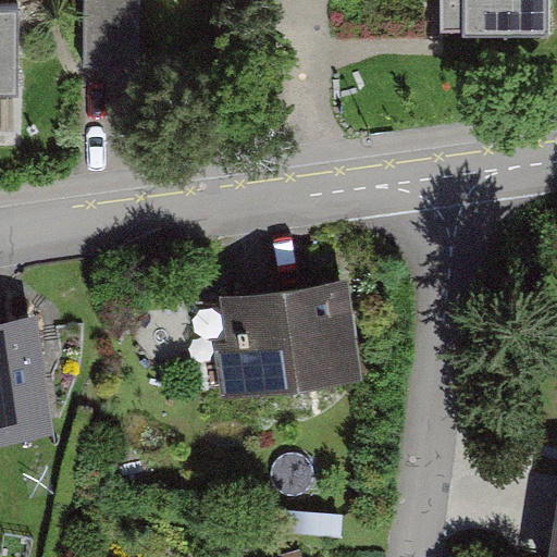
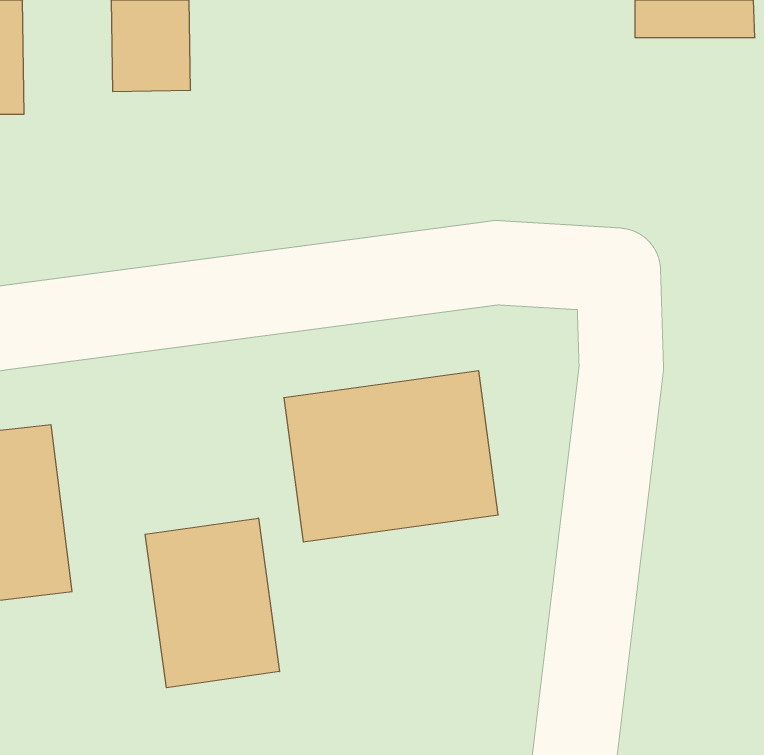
building: none -> [145,518,280,688]

